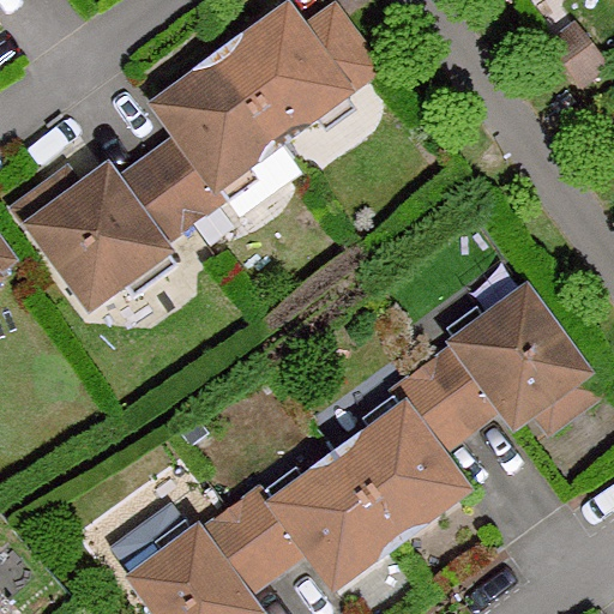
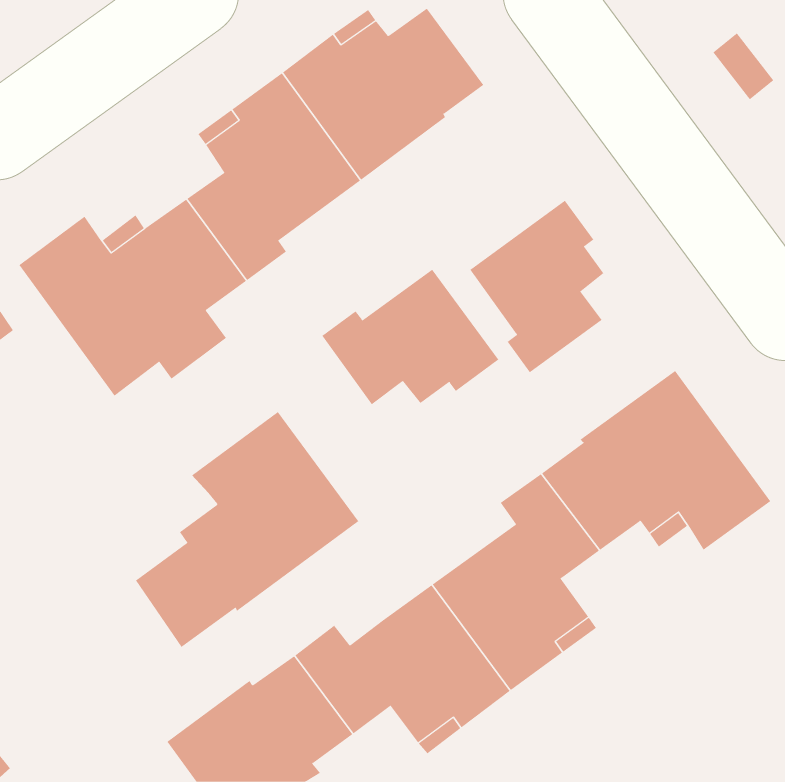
building: none -> [469,200,604,373]
building: none -> [321,269,499,405]
building: none -> [135,411,359,648]

